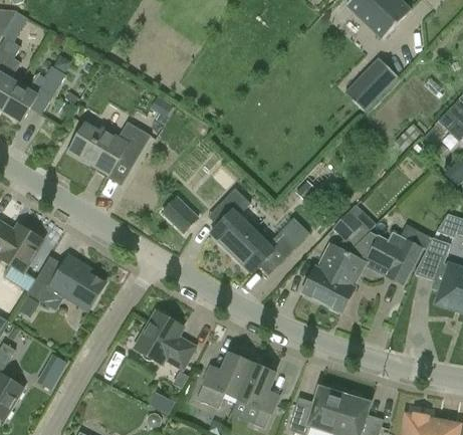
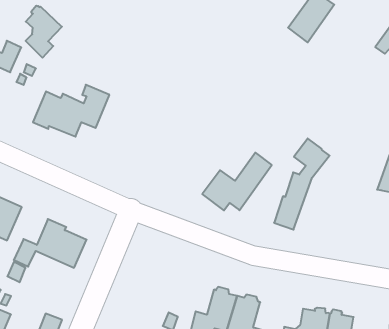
building: none -> [26,6,62,58]
building: [211,188,254,252] -> none
building: [161,196,199,234] -> none
building: [321,231,423,312] -> none
building: [135,310,195,368] -> none

